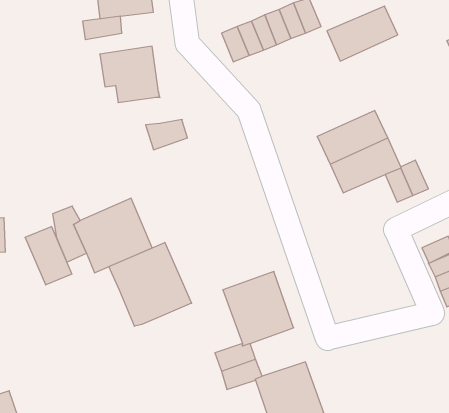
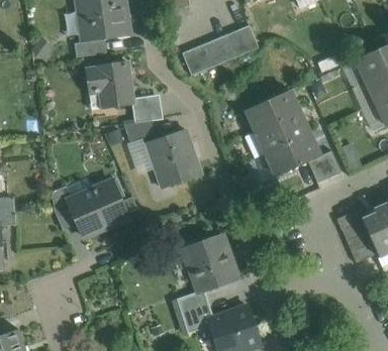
building: [327,6,398,61] -> [246,90,300,132]
building: none -> [131,95,159,122]
building: none -> [146,130,201,189]
building: [25,226,72,285] -> none
building: [109,242,192,326] -> none

